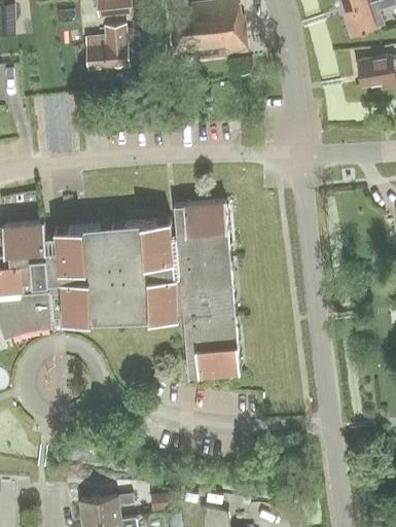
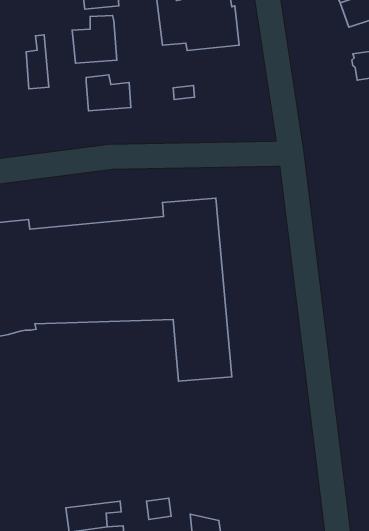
building: none -> [26,35,49,89]
building: none -> [86,75,131,111]

